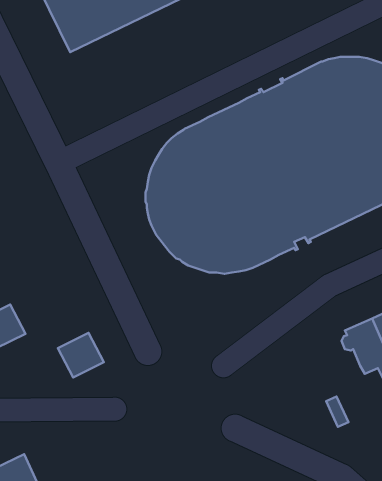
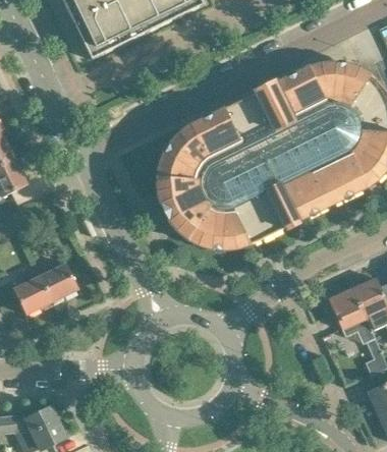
building: [58,333,104,377] -> [39,263,78,301]

